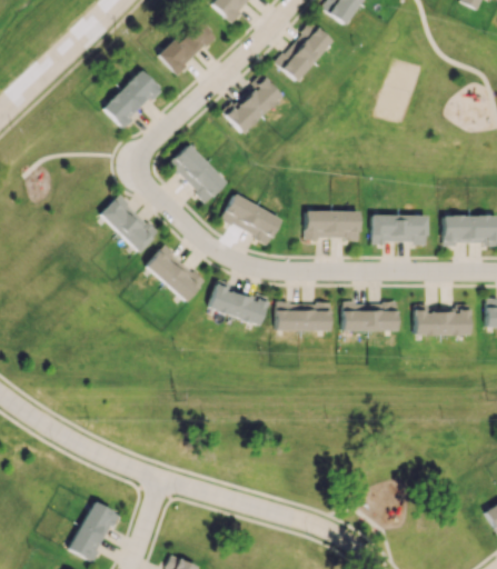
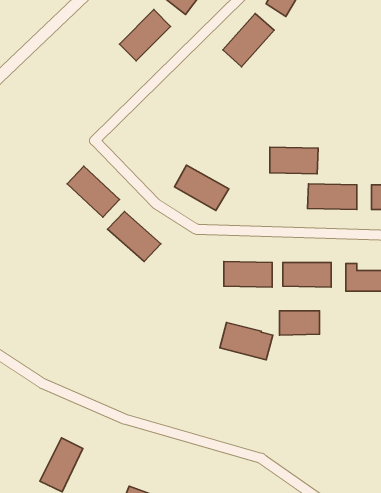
building: [103,70,161,129] -> none
building: [222,77,282,134] -> none
building: [168,144,227,202] -> none
building: [306,210,360,240] -> [270,147,318,174]
building: [209,282,269,325] -> [220,322,273,360]
building: none -> [279,311,320,335]

